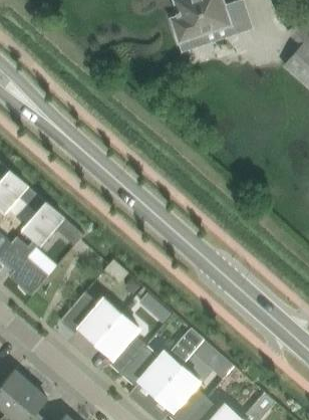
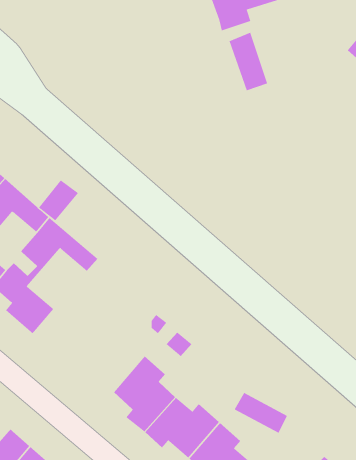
building: none -> [229,32,268,91]
building: none -> [38,179,79,221]
building: [60,292,121,342] -> none

